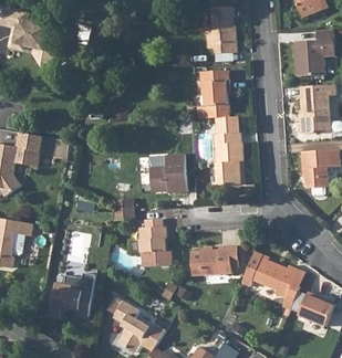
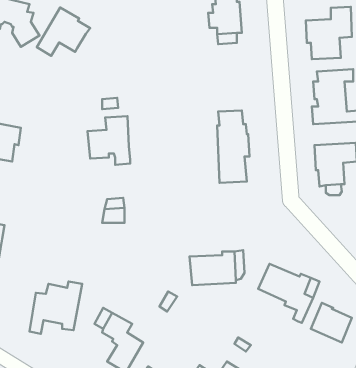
building: none -> [37,8,90,56]
building: [198,70,229,117] -> none
building: [148,154,186,197] -> [88,116,130,165]
building: [138,218,170,266] -> none

